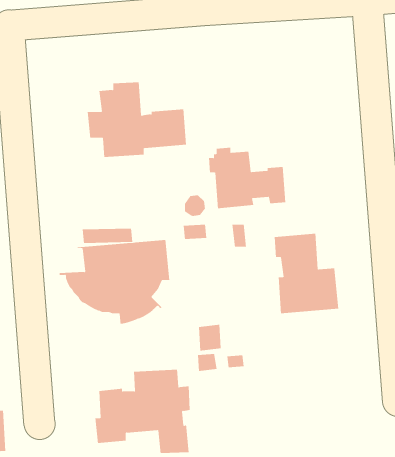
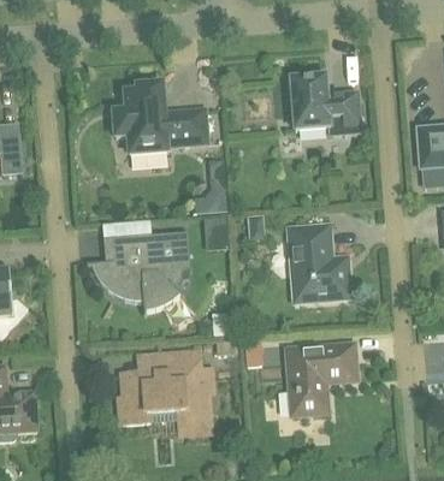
building: [208,147,286,209] -> [286,72,360,130]
building: none -> [286,343,356,415]

